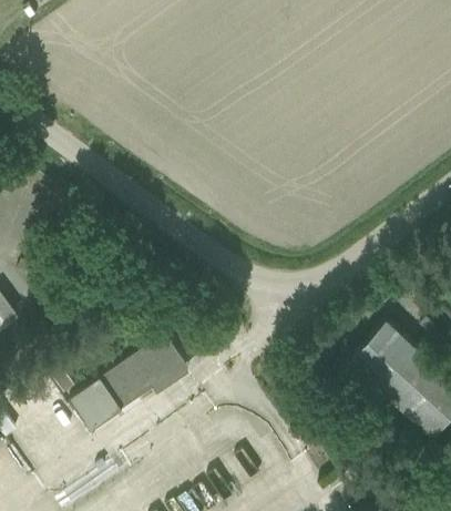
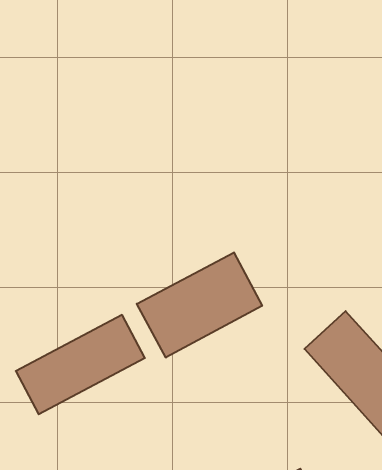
building: none -> [137,252,262,358]

